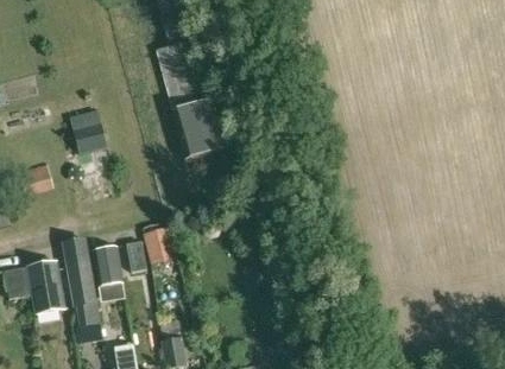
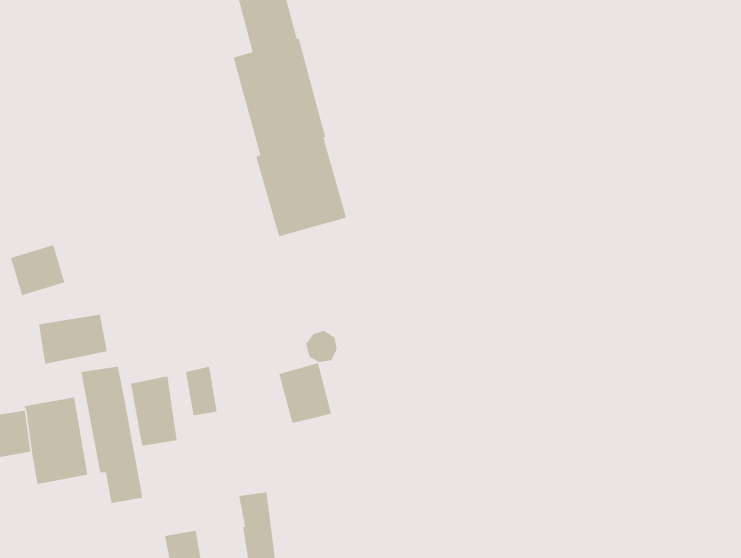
building: [70,112,109,155] -> none
building: none -> [39,314,107,365]
building: [141,224,175,262] -> [278,362,332,423]

